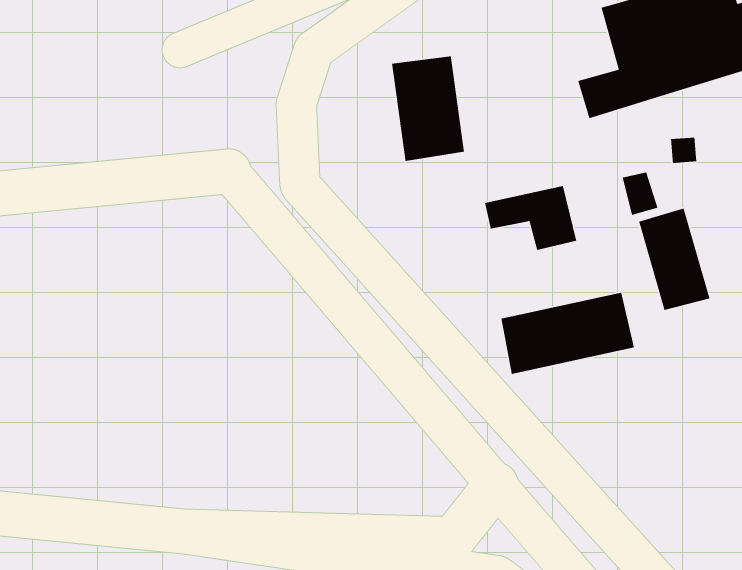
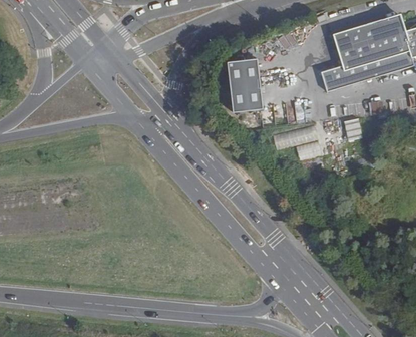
building: [638,208,710,311] -> none
building: [501,292,635,375] -> none

